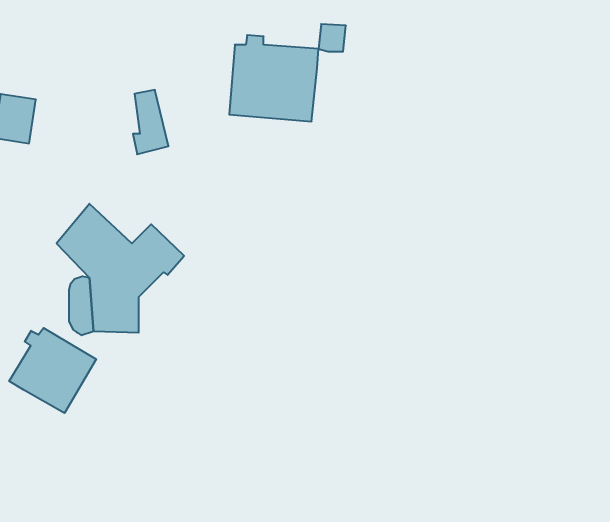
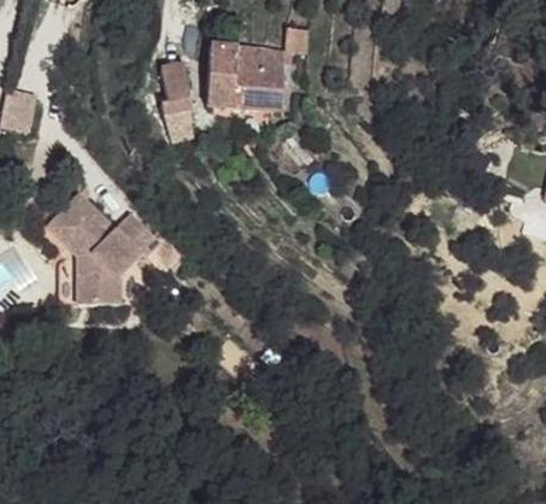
building: [133,90,169,154] -> [159,68,190,124]
building: [9,328,96,413] -> none

